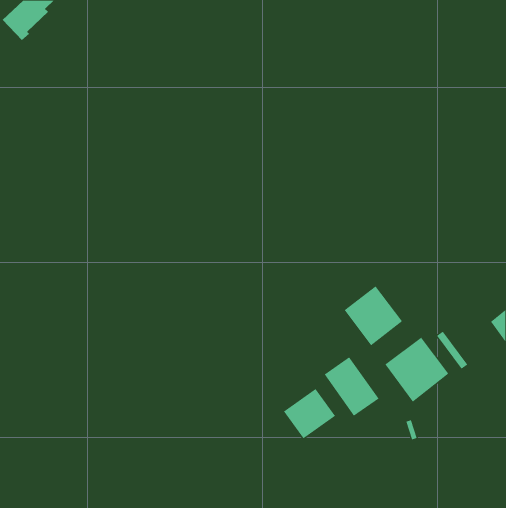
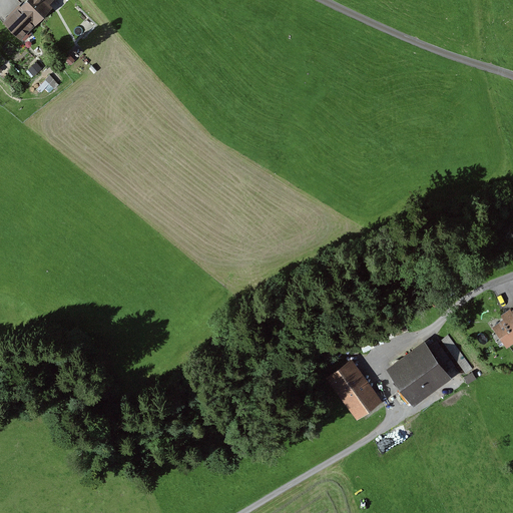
building: [344,285,403,346] -> none
building: [283,388,336,439] -> none

